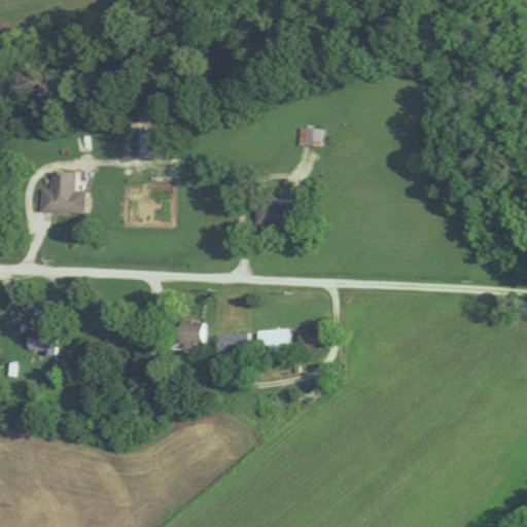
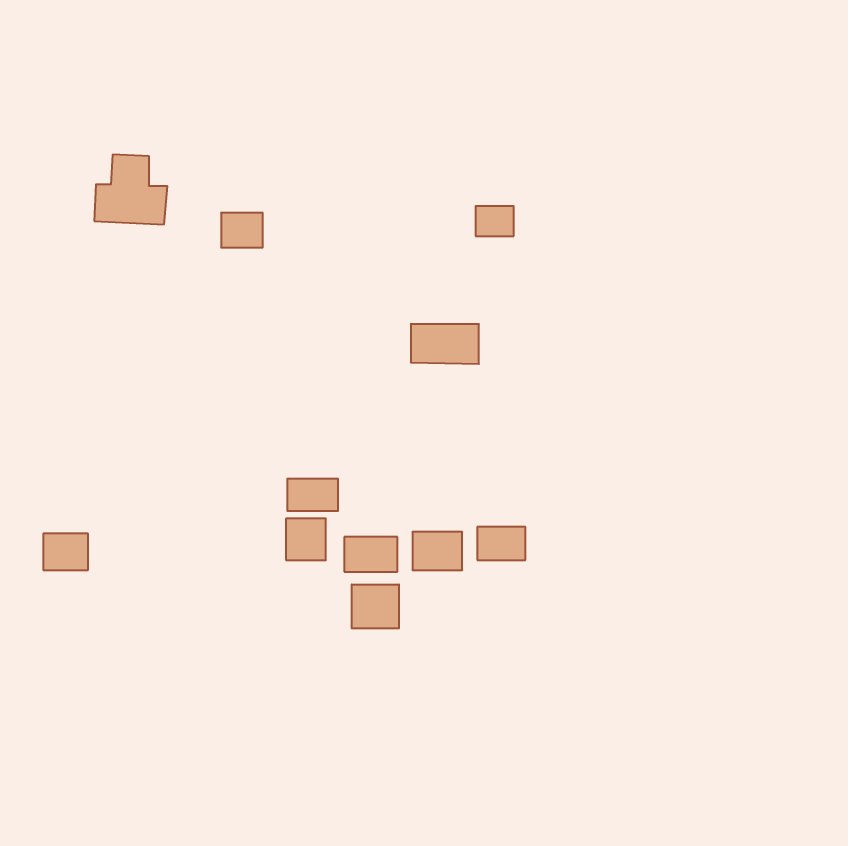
building: [40,170,85,213] -> [94,155,167,224]
building: none -> [287,479,338,511]
building: none -> [352,584,399,628]

